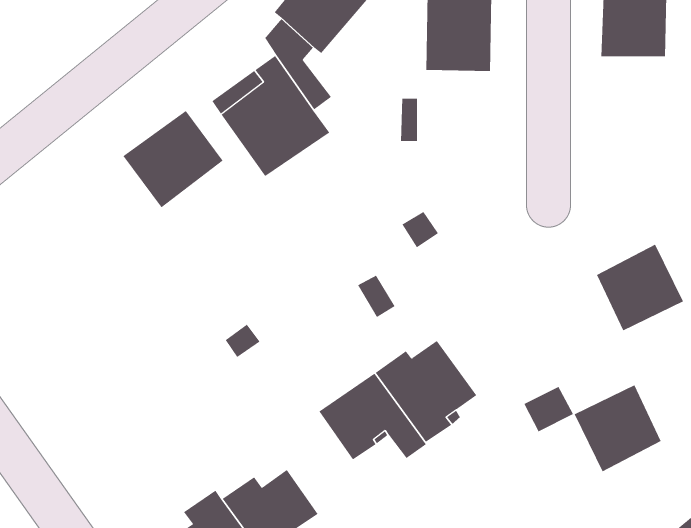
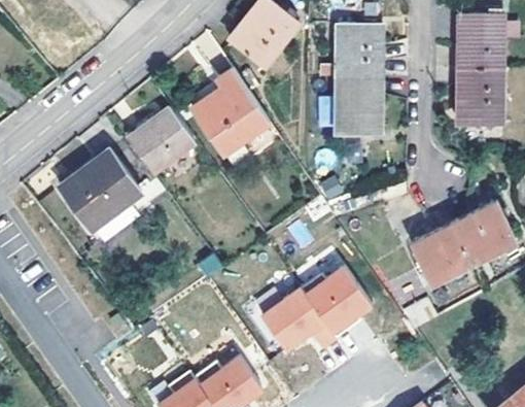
building: none -> [455,71,501,124]
building: none -> [334,80,380,134]
building: none -> [59,138,155,231]
building: [574,385,661,472] -> [411,223,471,283]

